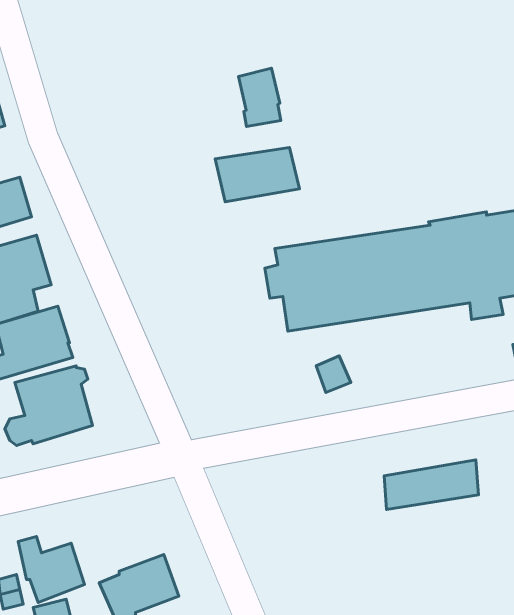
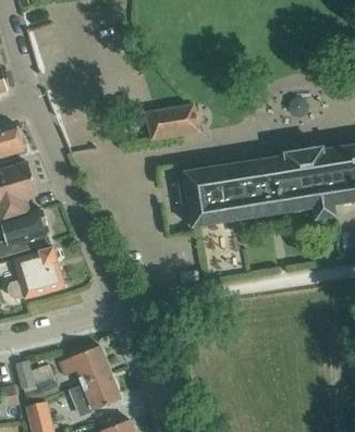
building: [238,68,281,126] -> none
building: [384,460,479,509] -> none
building: none -> [58,345,110,383]

